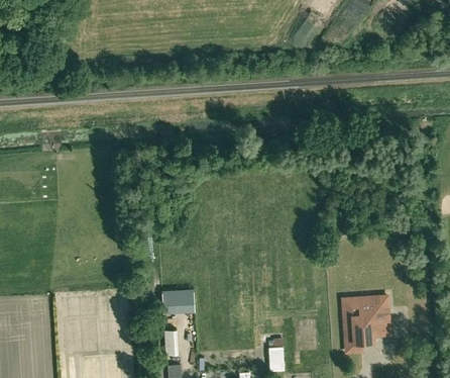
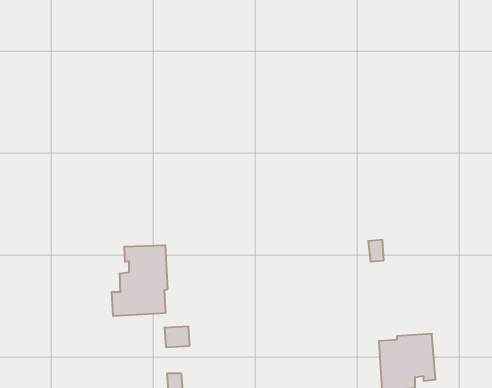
building: none -> [112,245,167,316]

